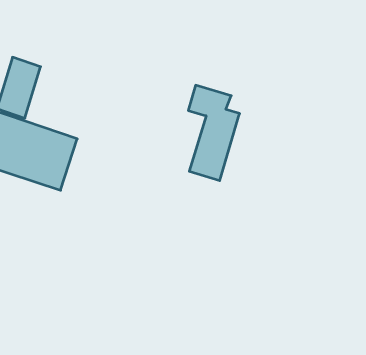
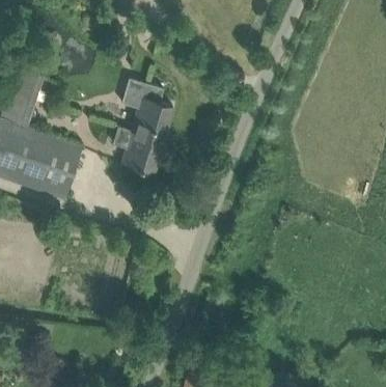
building: [188,85,240,181] -> [121,78,172,172]

